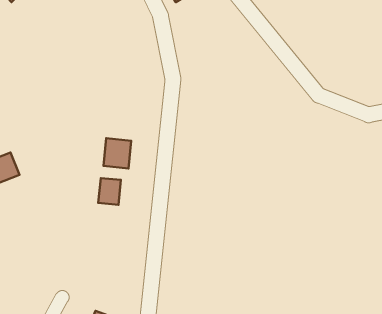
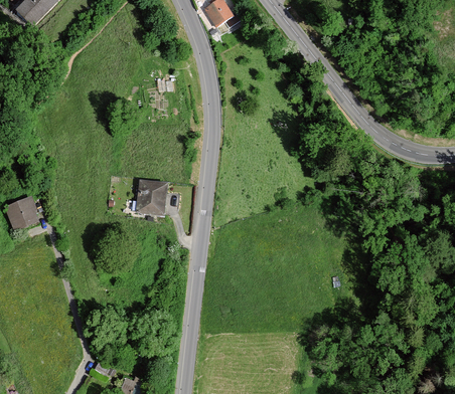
building: [98,178,121,205] -> none

